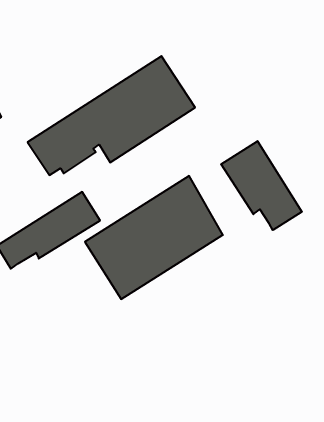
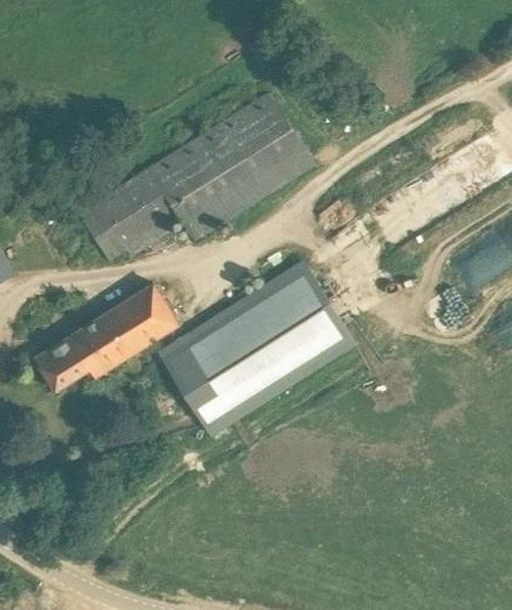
building: [221,141,302,230] -> none

